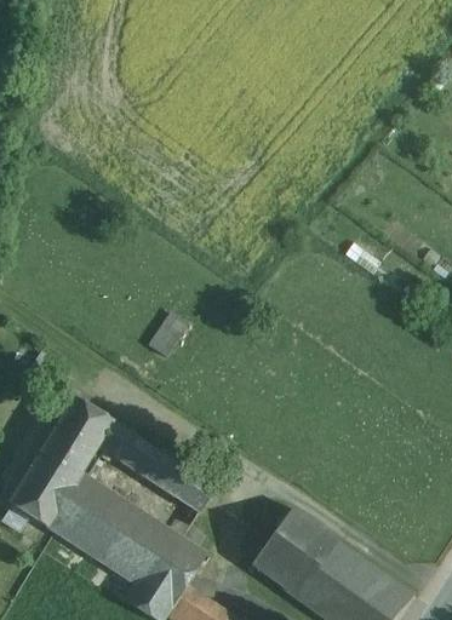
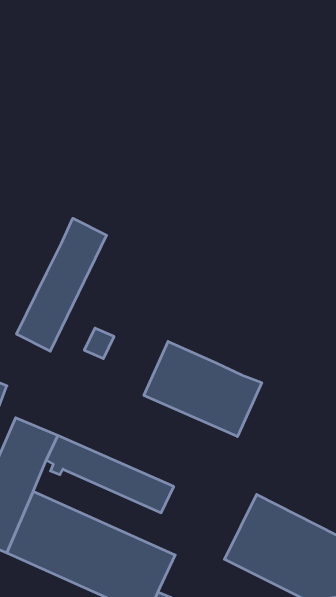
building: none -> [17,218,107,351]
building: none -> [144,341,262,437]

